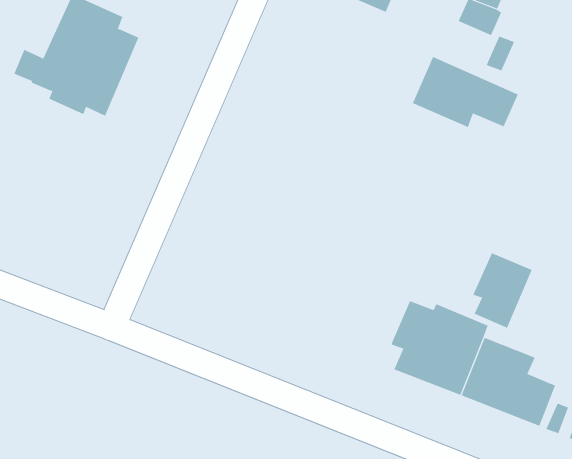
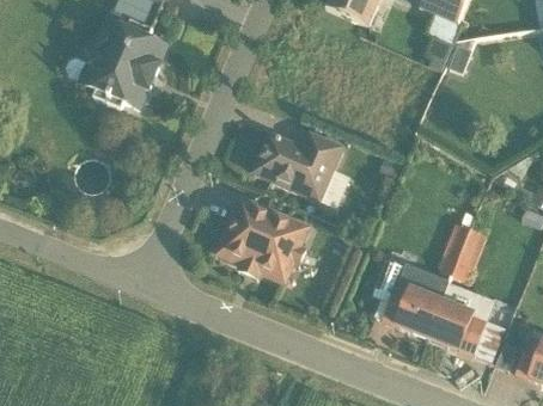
building: [412,56,519,128] -> none
building: none -> [251,130,346,203]
building: none -> [218,198,311,283]

